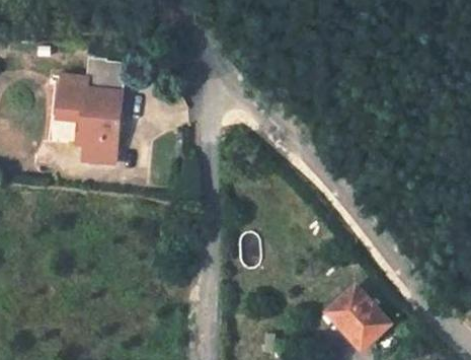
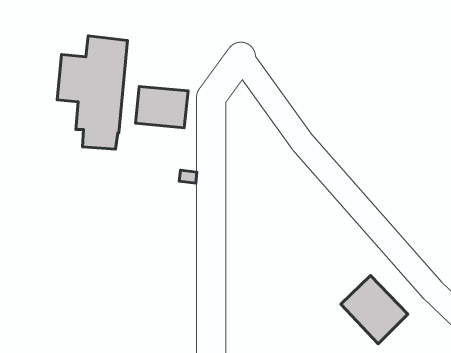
building: none -> [136,86,188,128]

